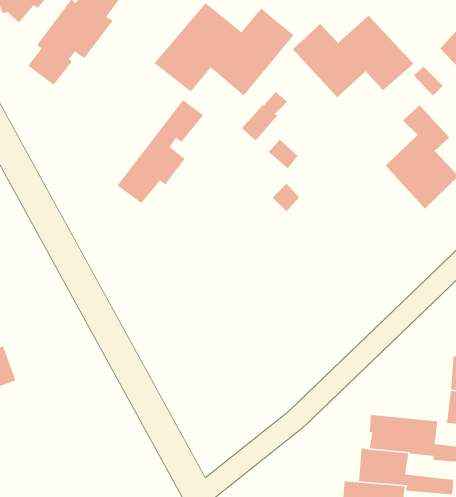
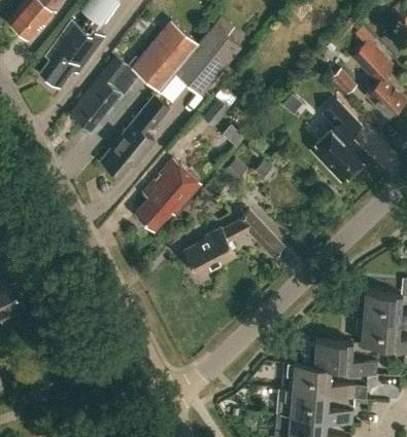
building: [292,15,415,98] -> none
building: none -> [73,57,141,131]
building: none -> [138,162,201,230]
building: none -> [183,211,283,277]

